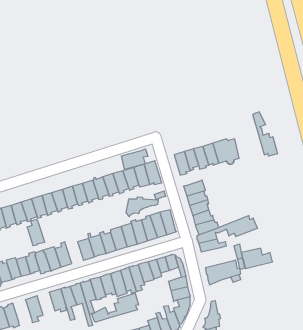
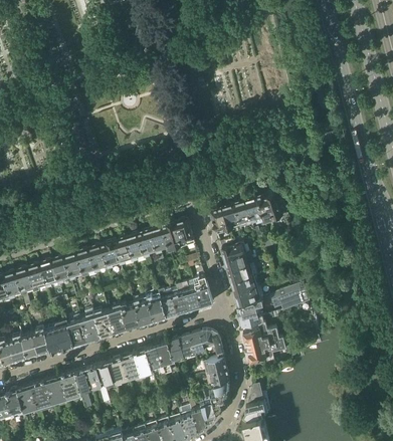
building: [253,112,278,156] -> none
building: [121,149,148,170] -> none
building: [126,197,158,217] -> none
building: [27,219,45,246] -> [80,310,102,342]
building: [241,248,273,269] -> [242,322,279,347]
building: none -> [46,376,67,404]
building: [92,293,139,322] -> none
building: none -> [17,385,39,411]

